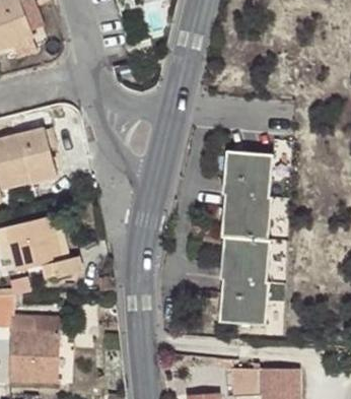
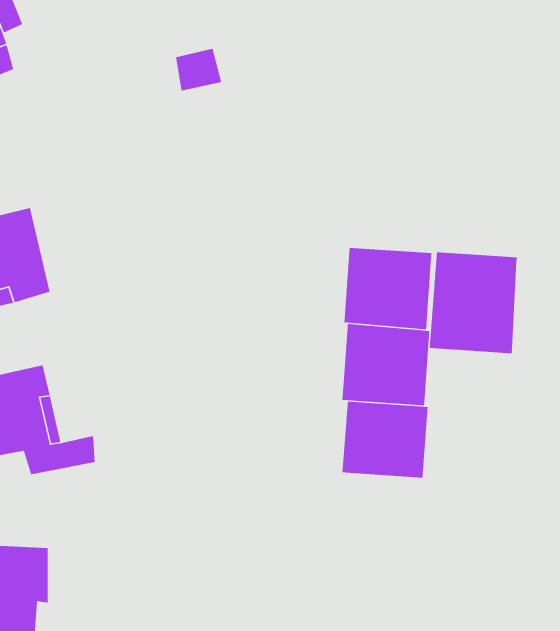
building: none -> [429,251,518,354]
building: [219,277,268,325] -> none

